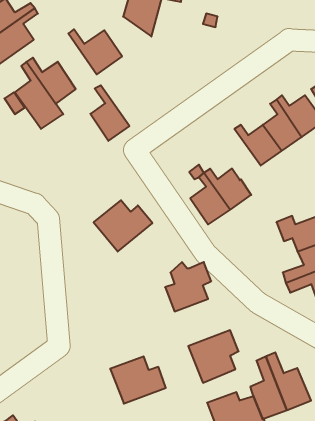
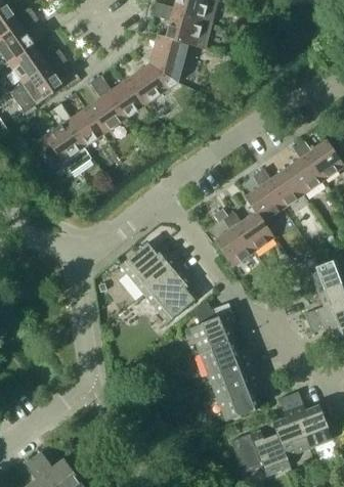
building: none -> [130,63,176,102]
building: [90,85,129,141] -> [85,80,123,134]
building: none -> [244,173,283,223]
building: none -> [143,265,194,322]
building: [110,356,166,404] -> [199,339,253,385]

